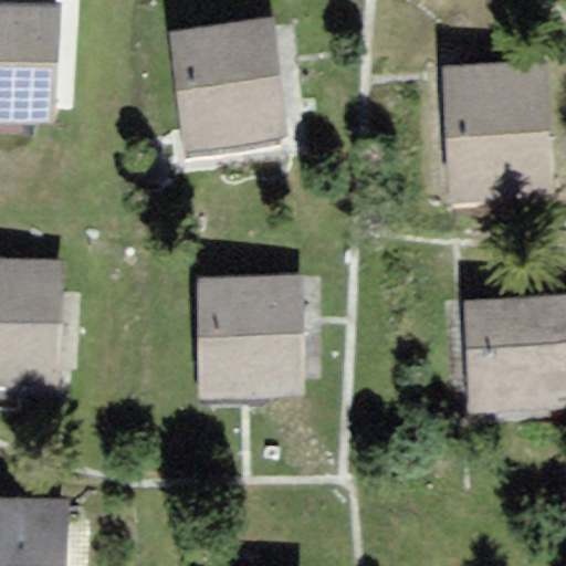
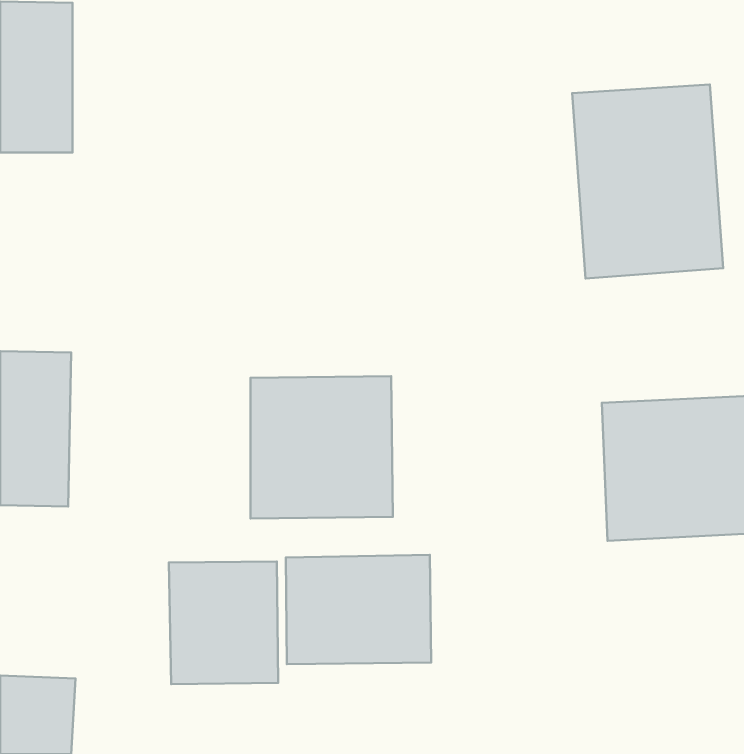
building: [171,22,286,142] -> none
building: none -> [286,555,431,664]
building: none -> [169,561,278,684]

